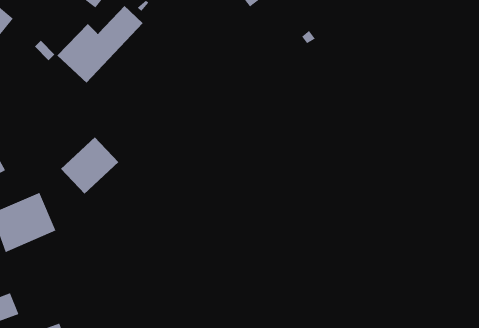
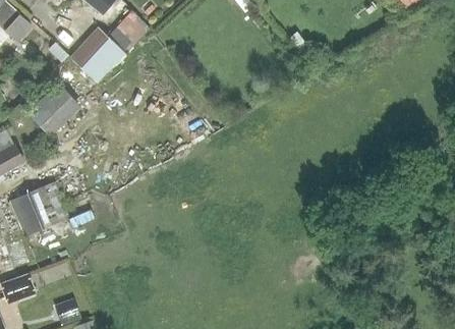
building: [60,136,119,195] -> [26,83,80,135]

